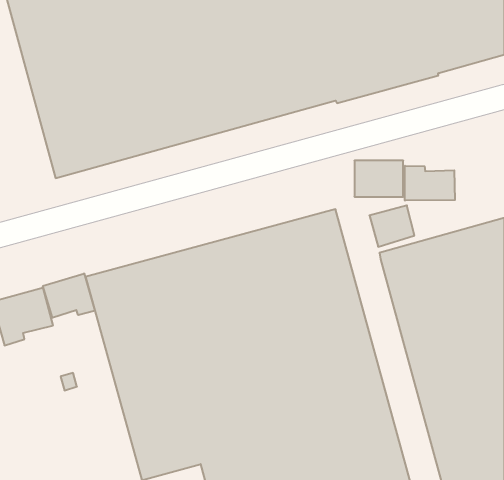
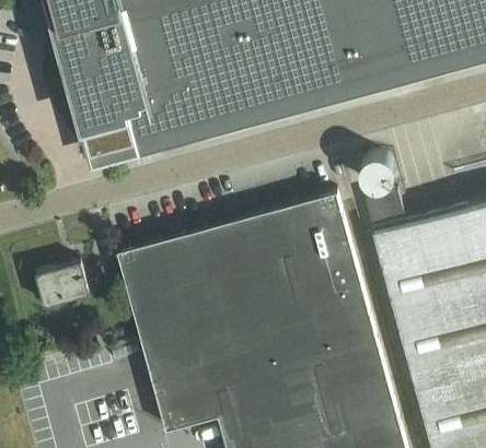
building: [405,166,455,201] -> none
building: [43,273,95,318] -> none

